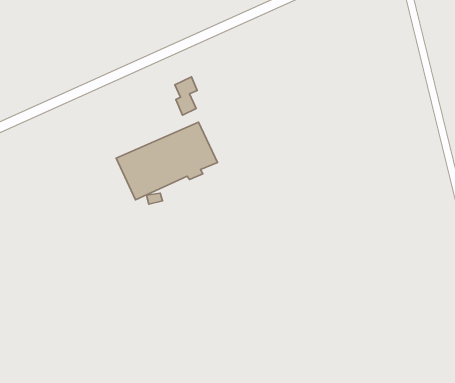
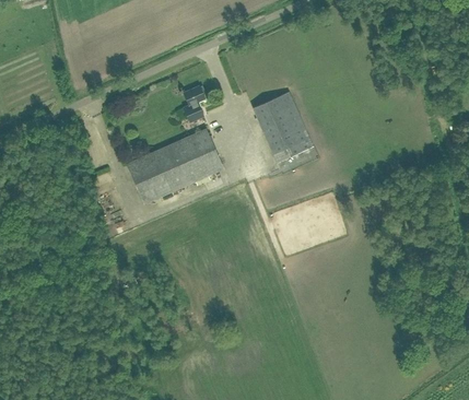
building: none -> [254,91,314,161]

